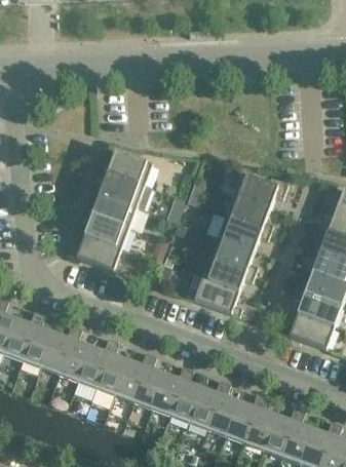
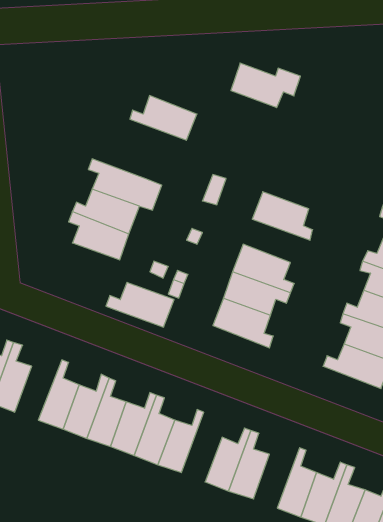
building: [99,150,151,185] -> [130,96,197,140]
building: [232,172,286,207] -> [231,63,300,108]
building: [217,216,269,249] -> none
building: [67,234,120,269] -> [106,282,174,327]
building: [38,323,75,373] -> none
building: [168,366,200,421] -> none
building: [225,392,261,441] -> none

